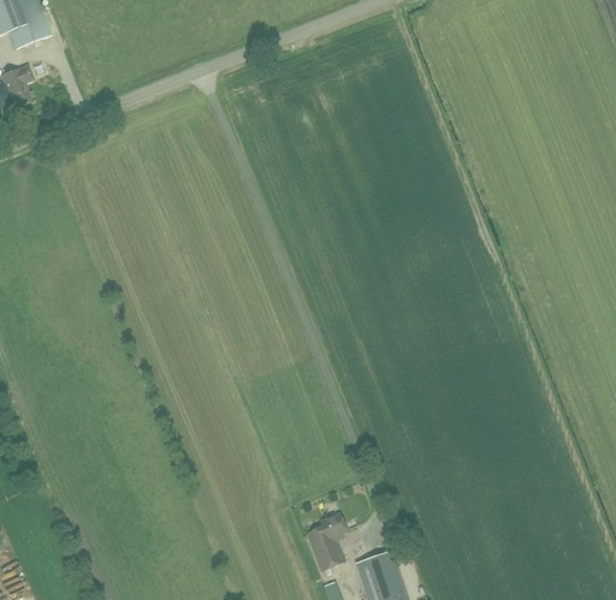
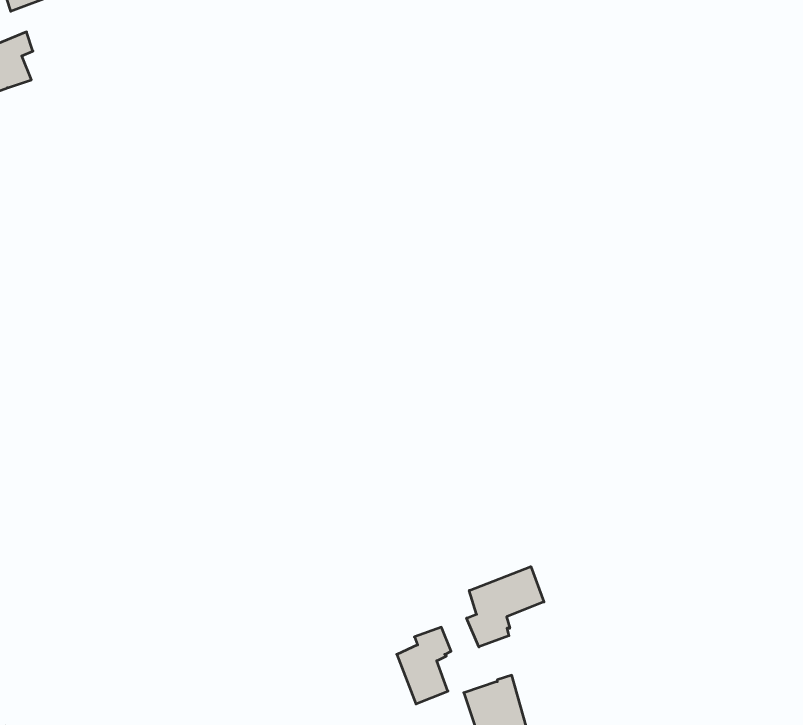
building: none -> [467,567,544,647]

